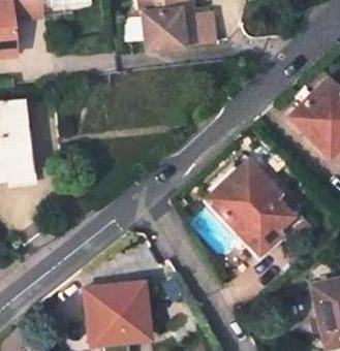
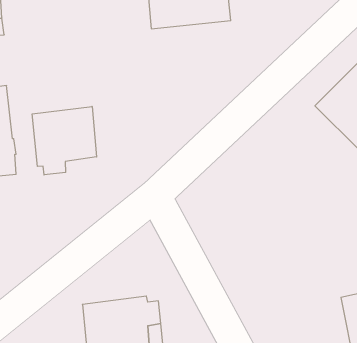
building: none -> [32,106,97,175]
building: [207,163,290,254] -> none

